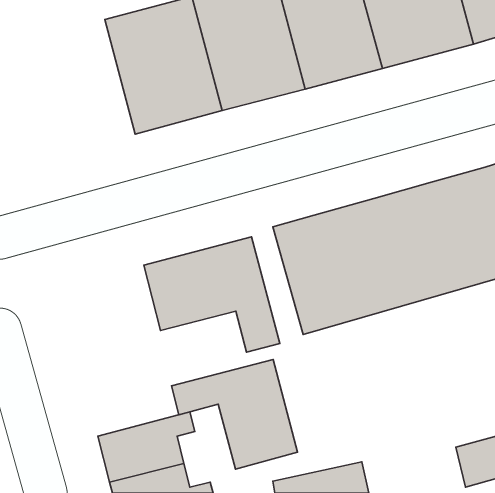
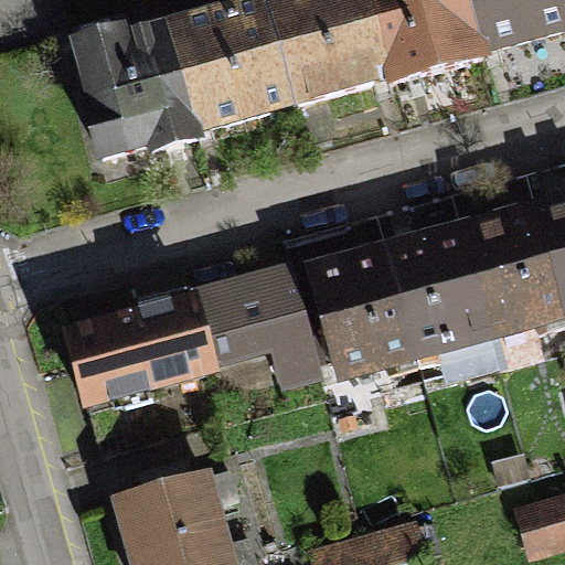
building: none -> [62,22,158,168]
building: none -> [67,299,186,433]
building: [171,359,298,469] -> none

